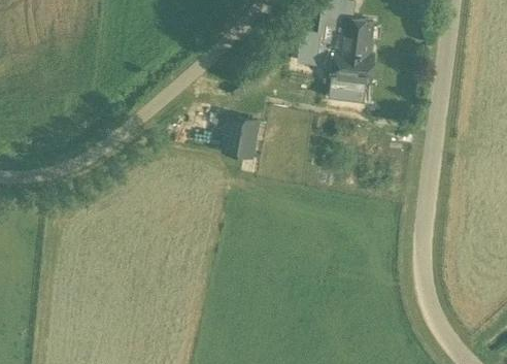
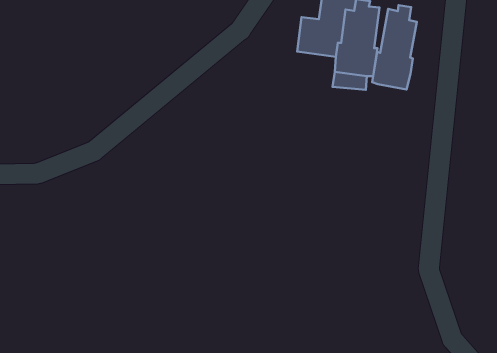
building: none -> [372,5,417,90]
building: [225,119,259,160] -> none

